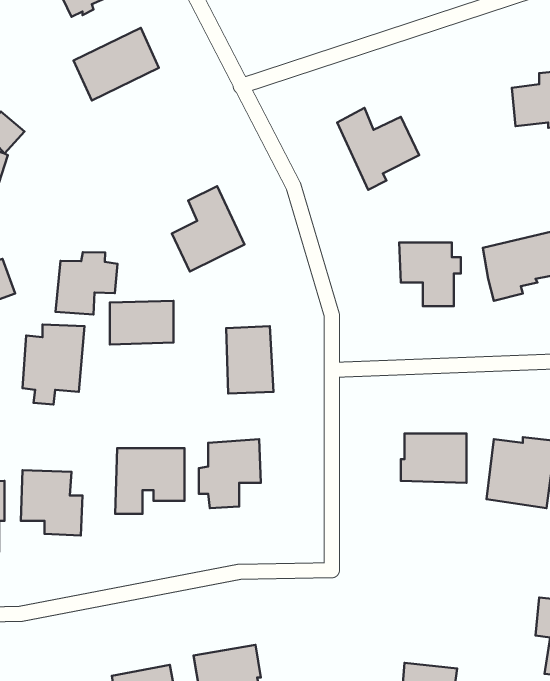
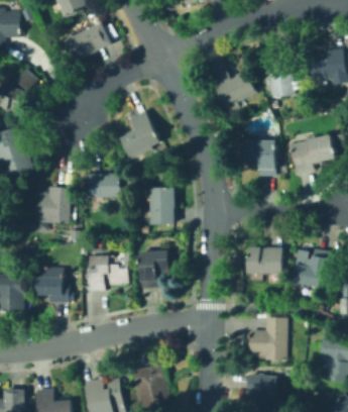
building: none -> [264,55,300,98]
building: [56,252,118,315] -> none
building: none -> [249,318,288,362]

